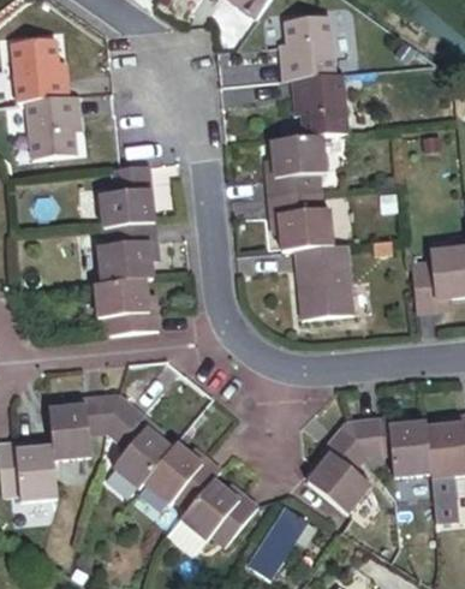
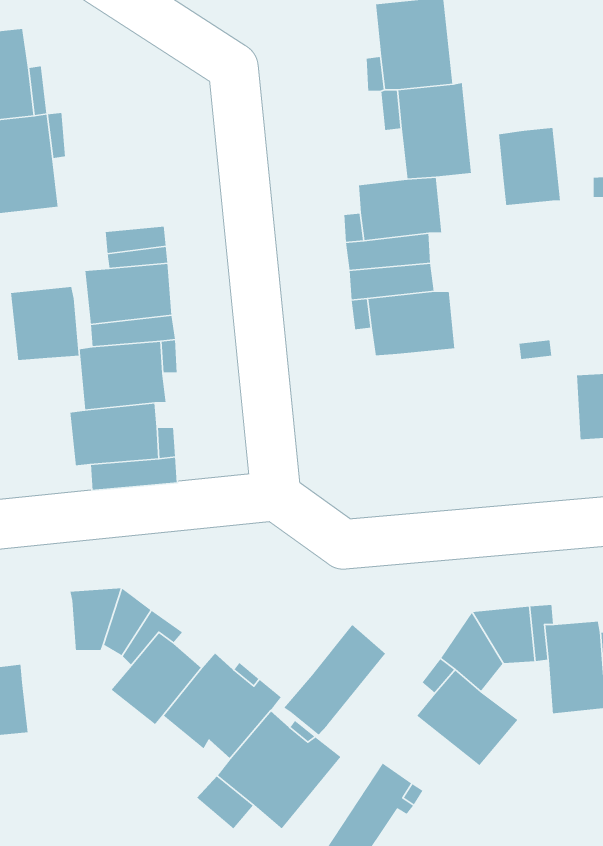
building: none -> [498,127,561,206]
building: none -> [10,286,79,361]
building: [297,243,357,310] -> none
building: [50,406,91,459] -> none
building: none -> [283,624,386,736]

